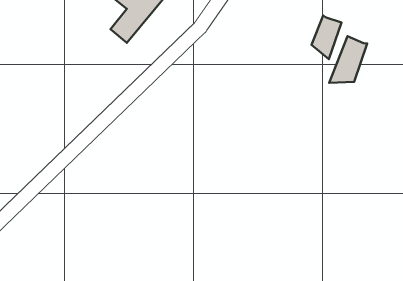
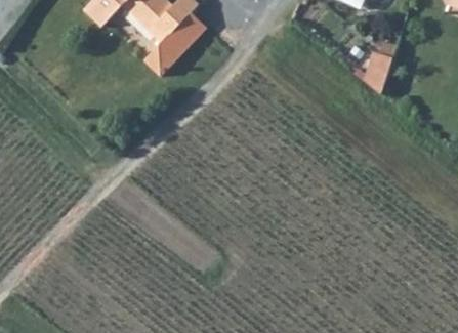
building: [329,36,367,83] -> none

